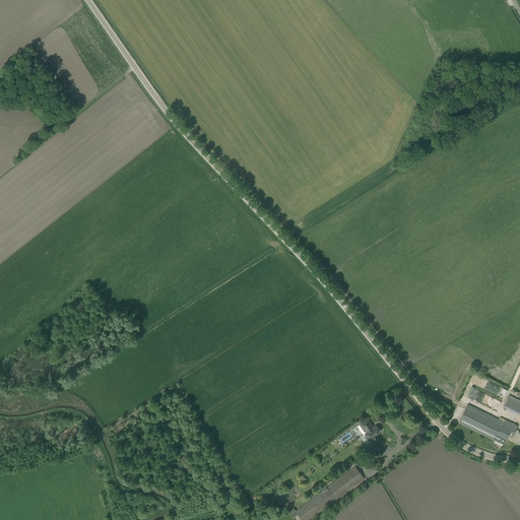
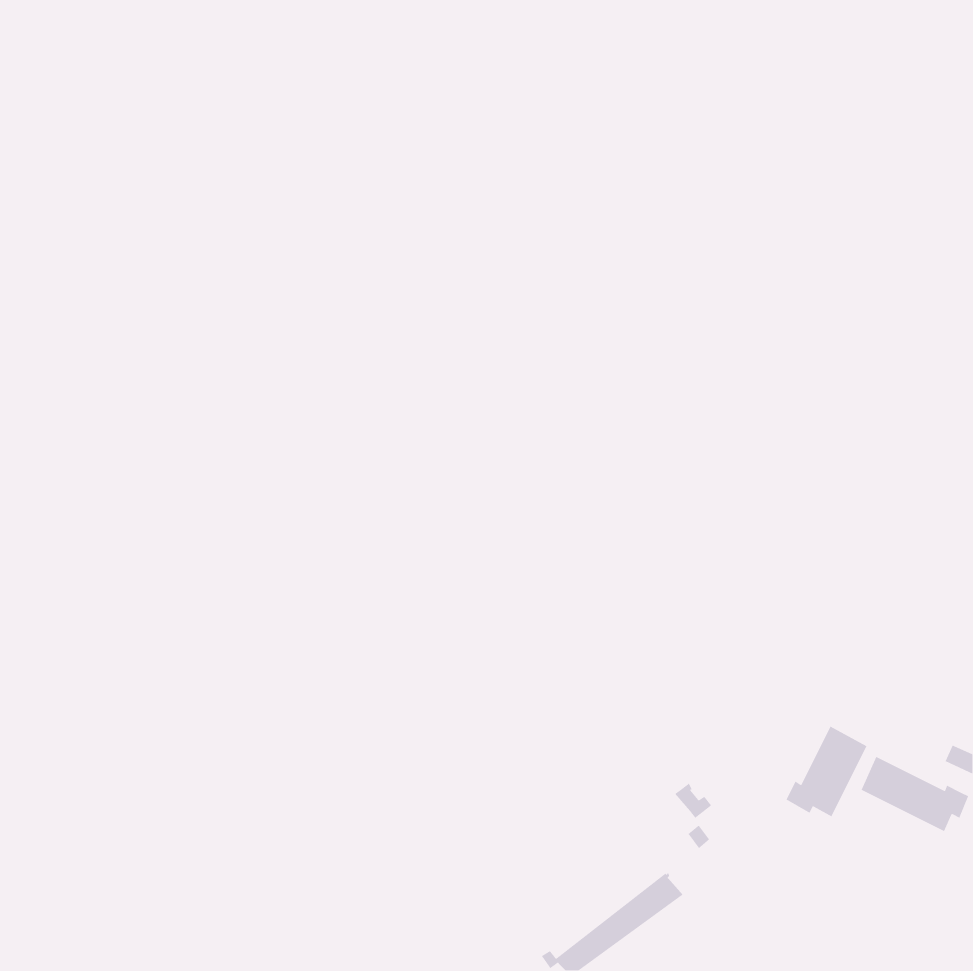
building: none -> [785,725,868,817]

